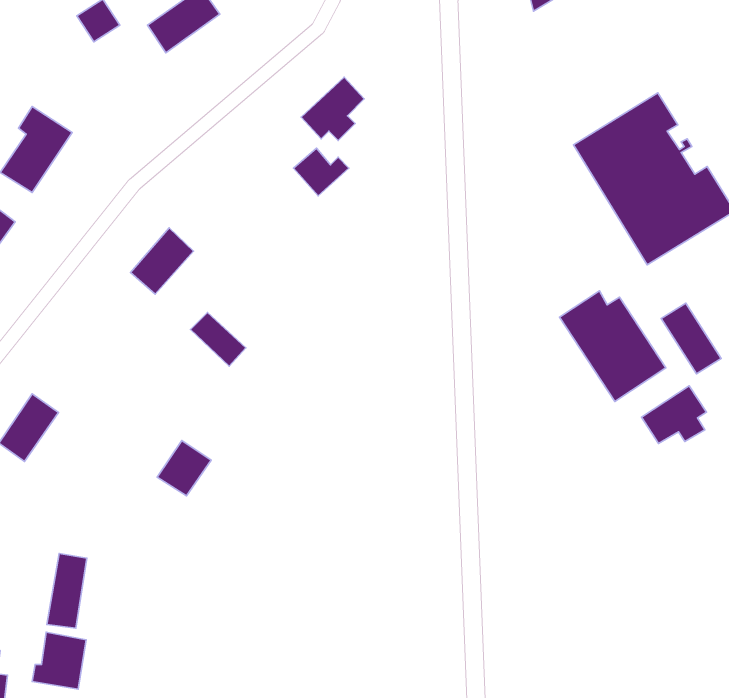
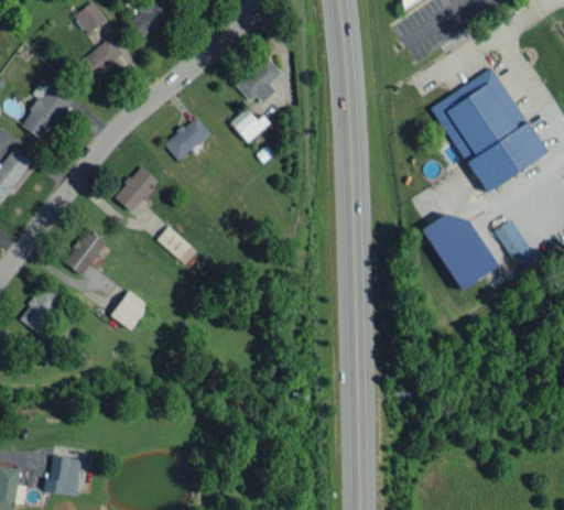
building: none -> [77,37,123,83]
building: none -> [164,117,212,161]
building: none -> [65,230,106,276]
building: [641,386,707,444] -> none
building: [157,440,211,496] -> [111,291,150,330]
building: [47,554,87,628] -> none

